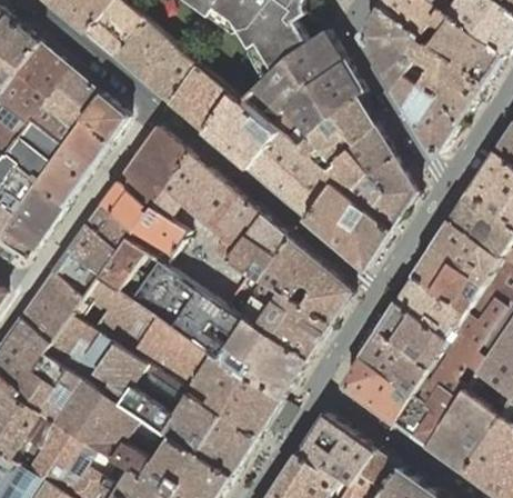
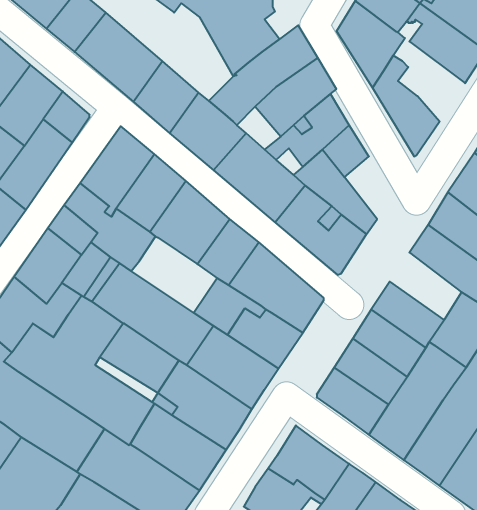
building: [415,41,484,121] -> none
building: [369,155,414,215] -> none
building: [164,231,247,305] -> none
building: [412,247,481,311] -> none

